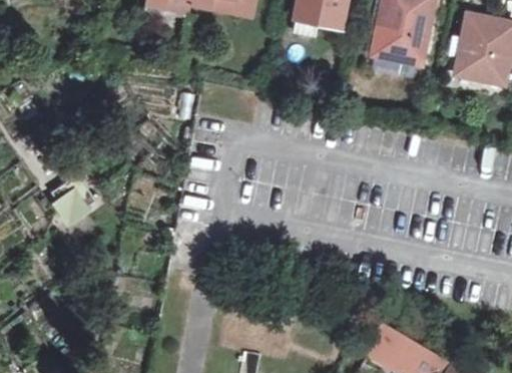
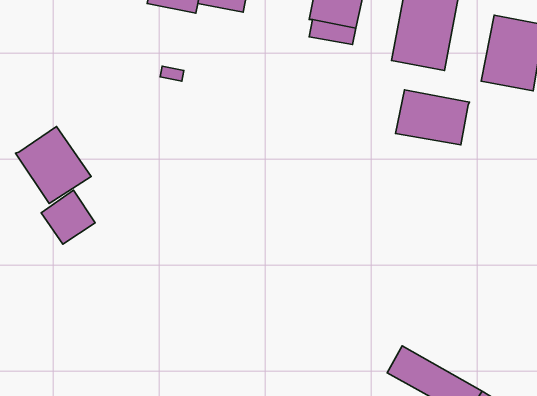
building: none -> [395,90,469,145]
building: none -> [16,127,91,204]

